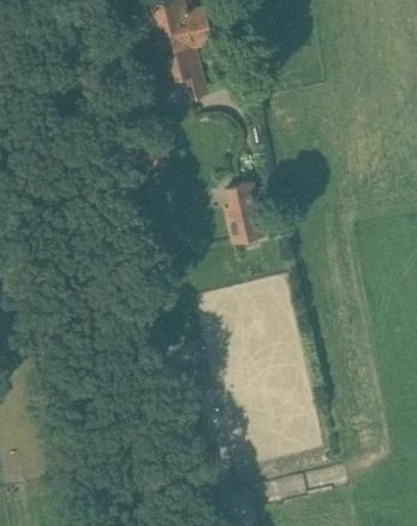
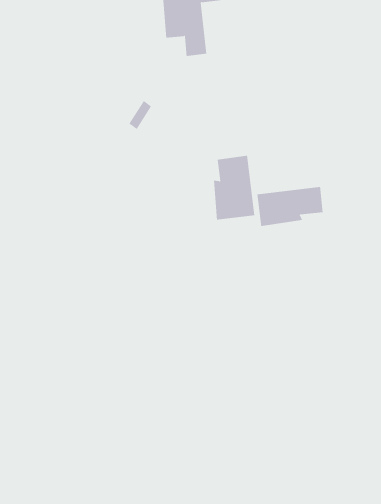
building: none -> [257,186,323,227]

